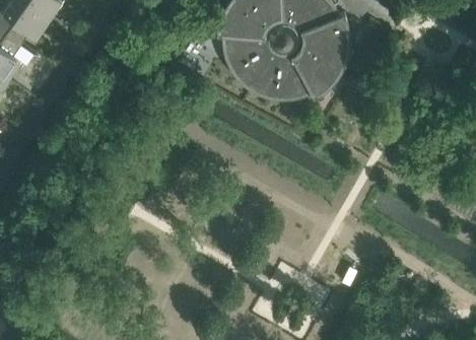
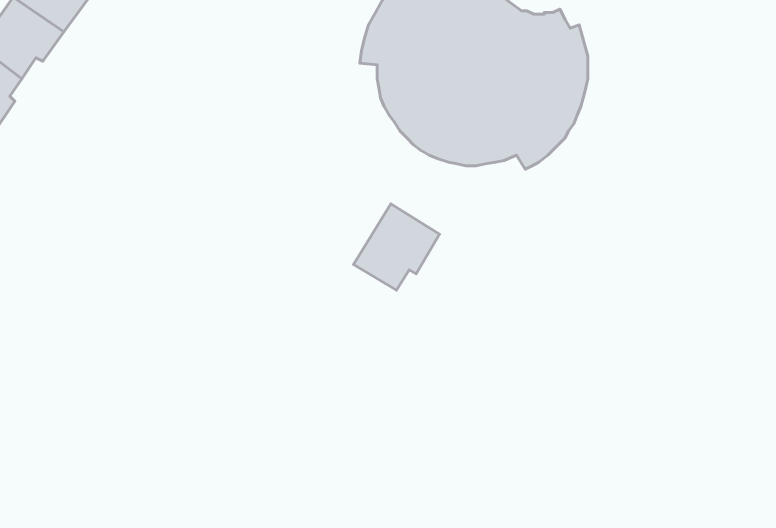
building: none -> [353,204,440,290]

